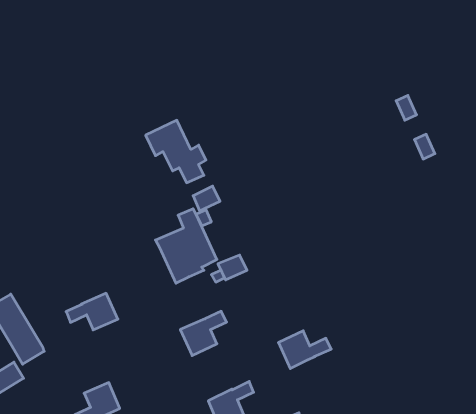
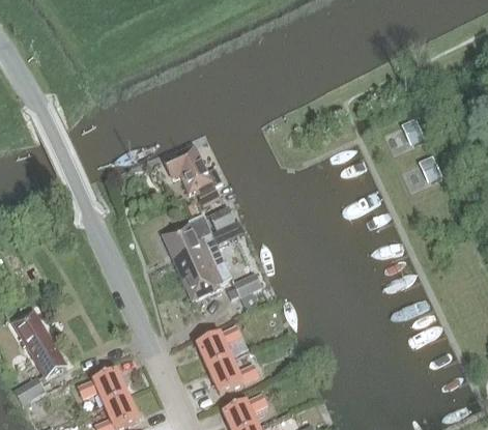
building: none -> [163,217,209,259]
building: [66,293,118,330] -> [79,371,128,406]
building: [278,331,331,369] -> [208,359,259,395]

